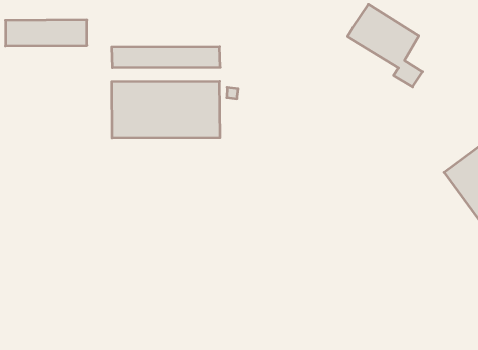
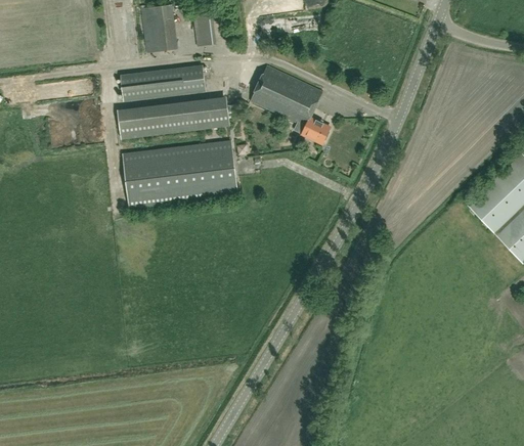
building: [347,4,423,87] -> [250,65,330,143]
building: [5,20,87,46] -> [120,64,205,100]

